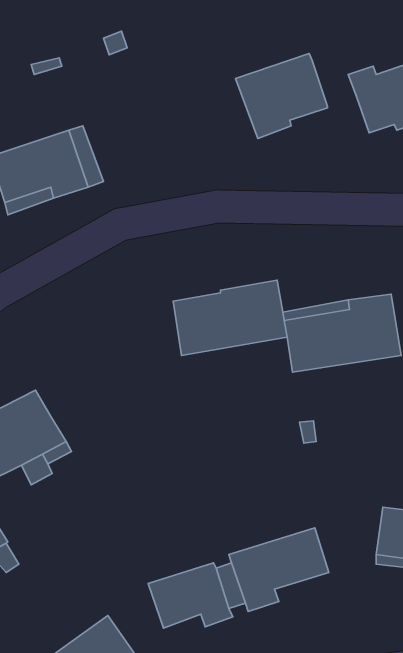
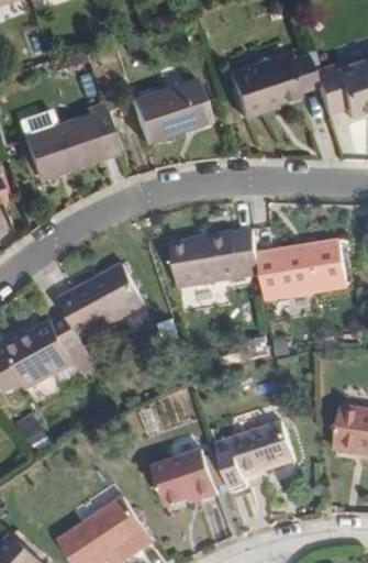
building: none -> [285,47,320,91]
building: none -> [133,77,209,141]
building: none -> [56,263,140,336]

